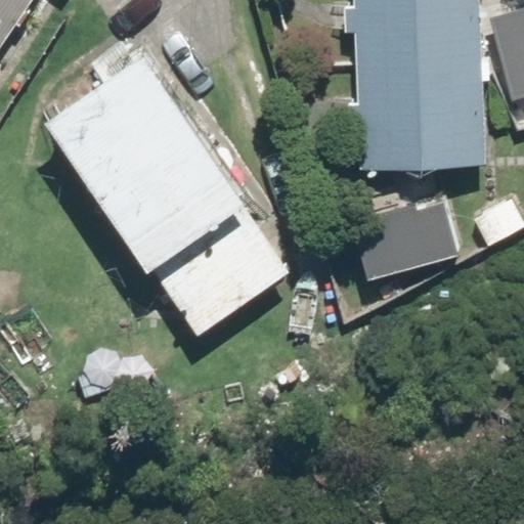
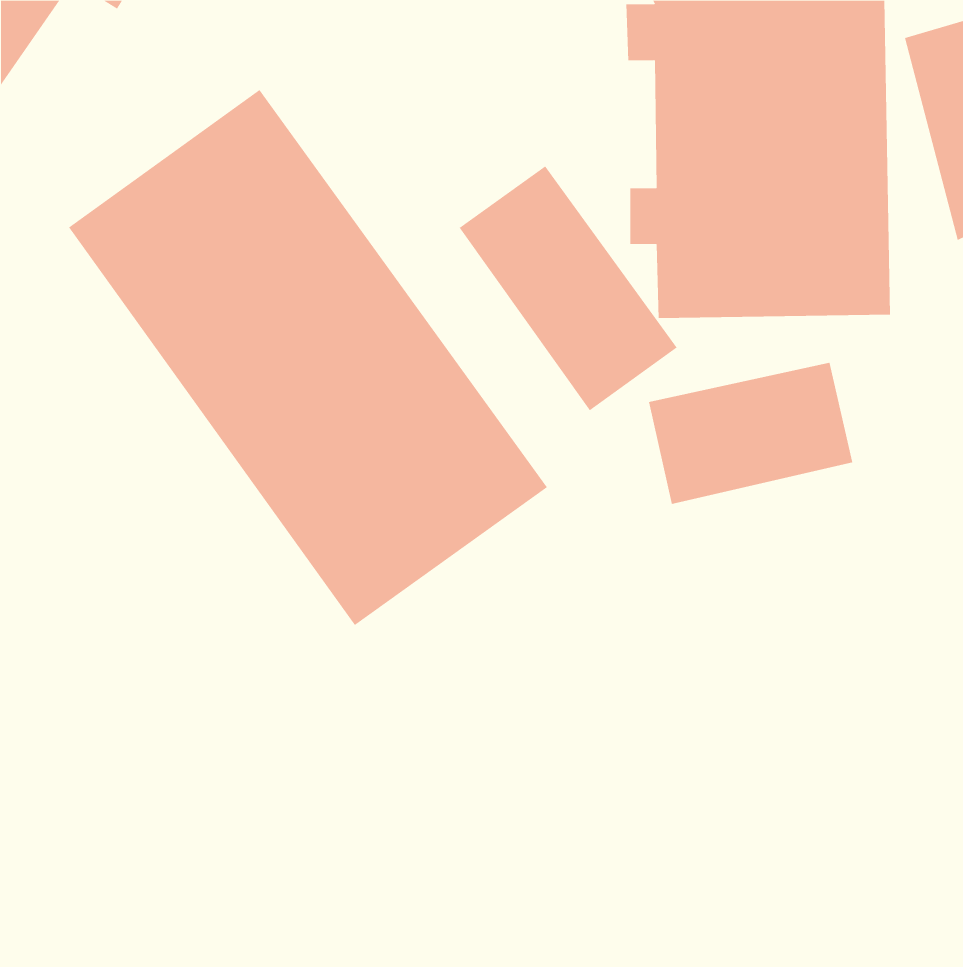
building: none -> [459,166,677,411]

